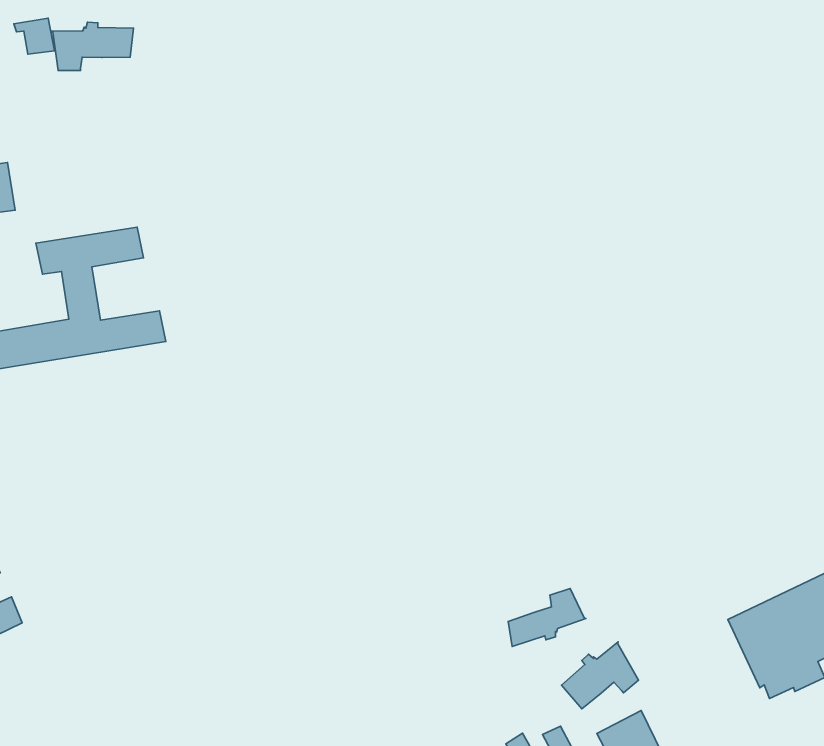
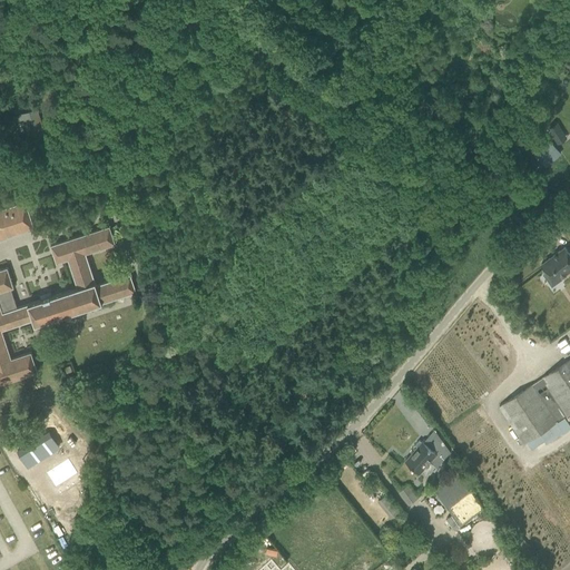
building: [51,22,134,71] -> none
building: [508,588,586,646] -> none

